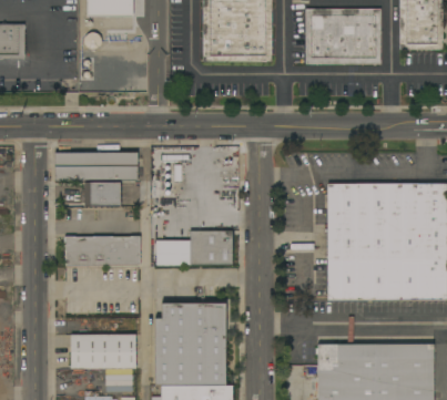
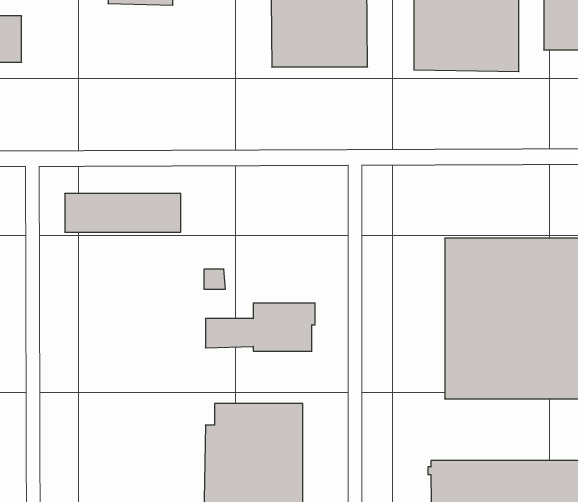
building: [84,182,120,206] -> none
building: [64,235,140,265] -> none
building: [70,335,136,368] -> none

